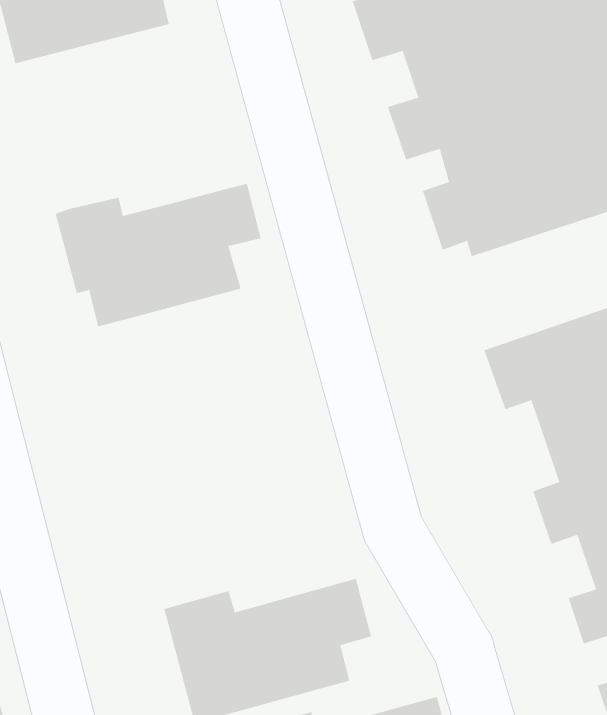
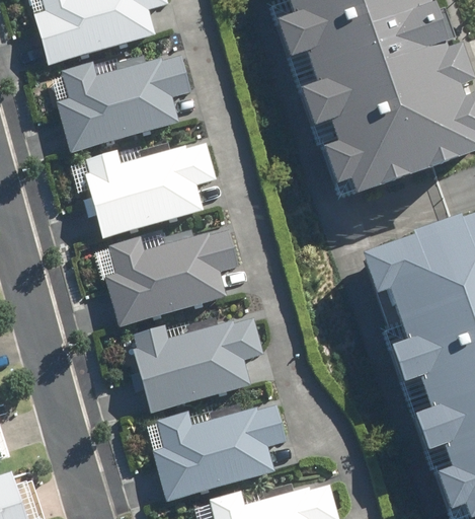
building: none -> [54,55,187,151]
building: none -> [100,230,235,325]
building: none -> [133,315,262,411]

